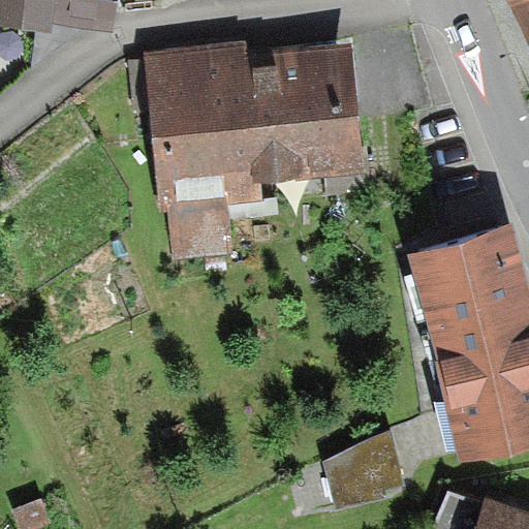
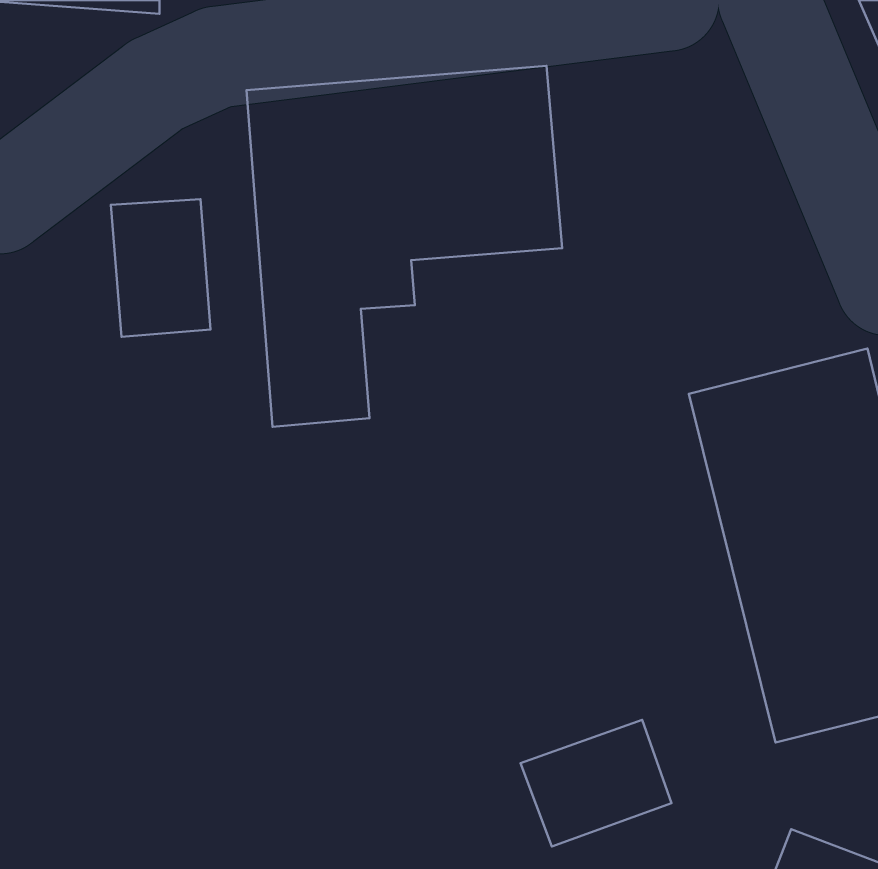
building: none -> [111,199,210,337]

